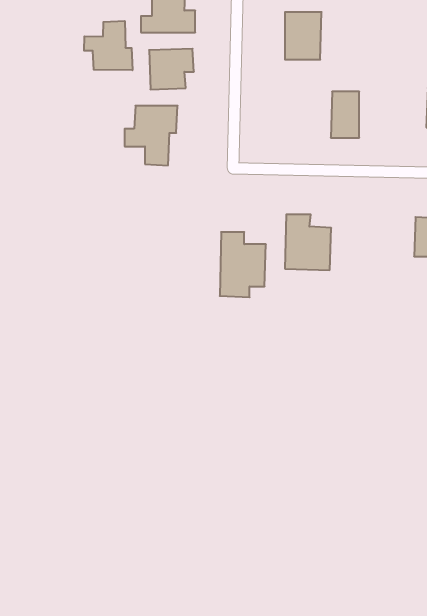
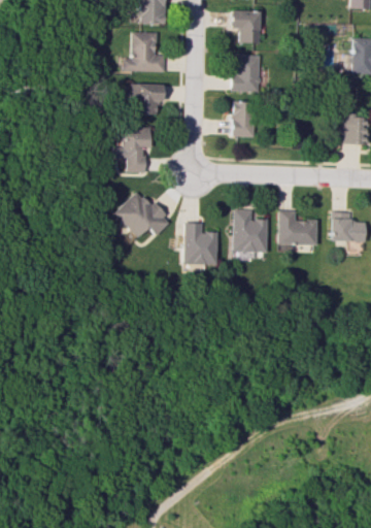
building: [84,21,132,70] -> none
building: [331,92,359,138] -> [232,101,254,136]
building: none -> [113,190,169,237]
building: none -> [278,209,318,245]

